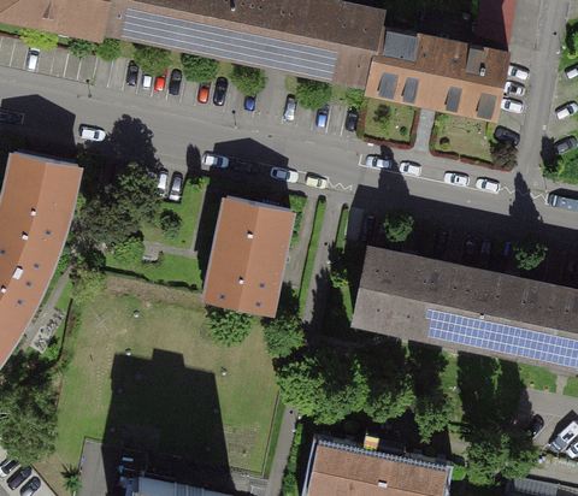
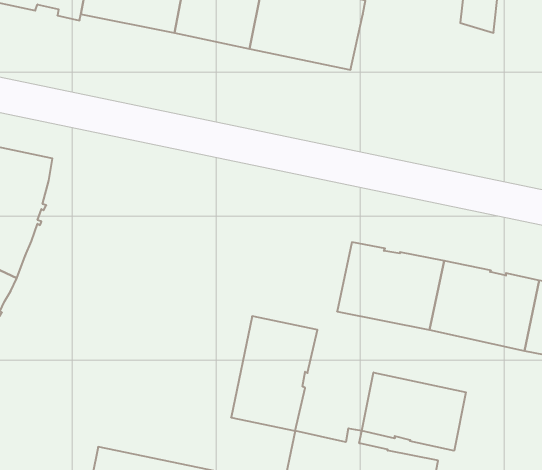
building: [368,25,509,116] -> none
building: [208,197,293,309] -> [231,316,317,431]
building: none -> [362,372,466,451]

